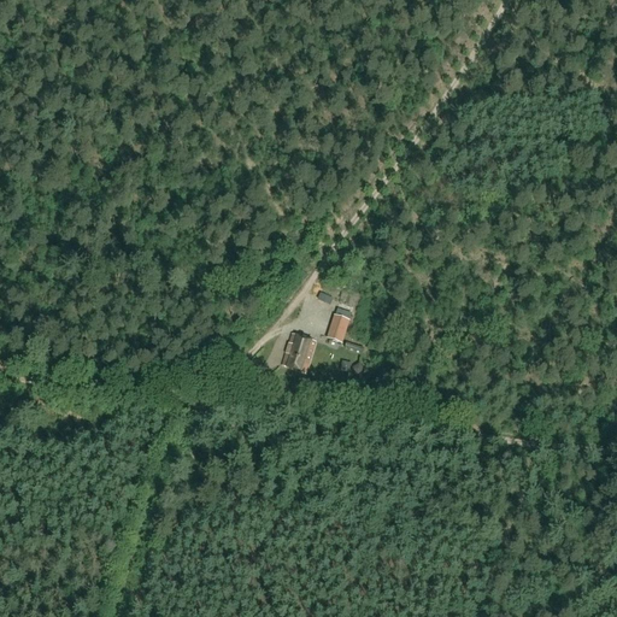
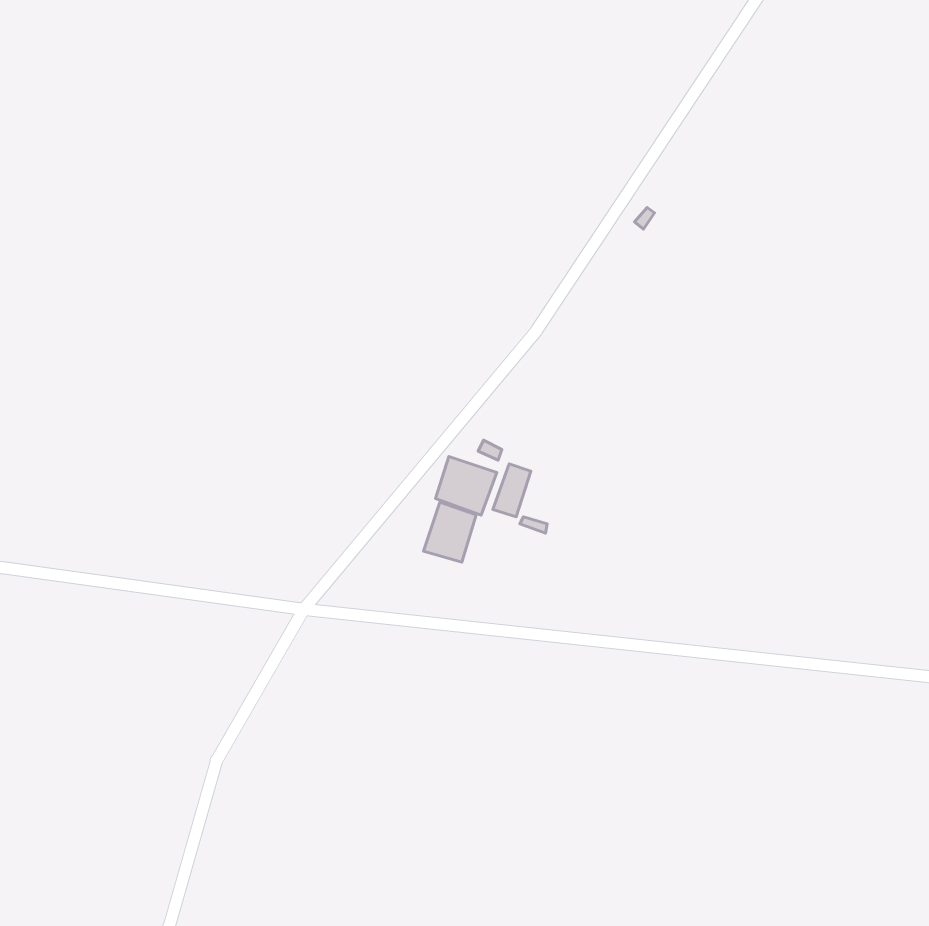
building: none -> [436,456,497,515]

